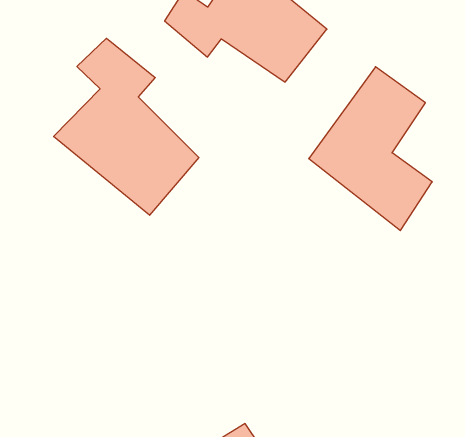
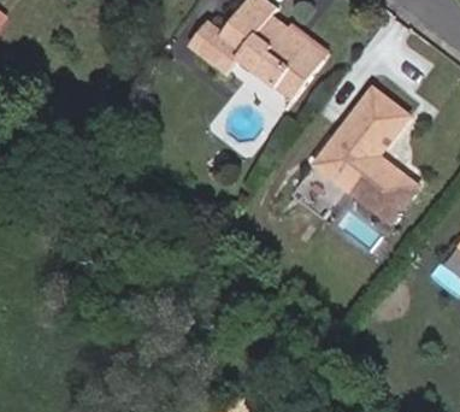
building: [54,38,199,215] -> none

